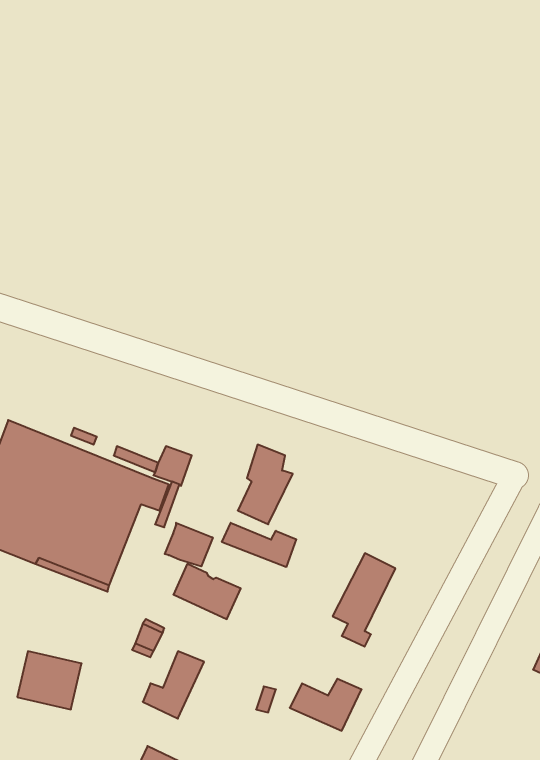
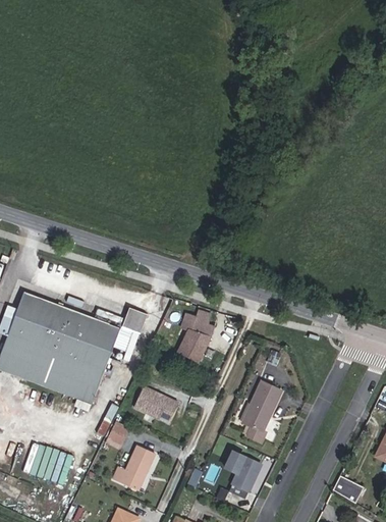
building: [222,523,296,567] -> none
building: [165,523,213,566] -> none
building: none -> [332,476,361,502]

